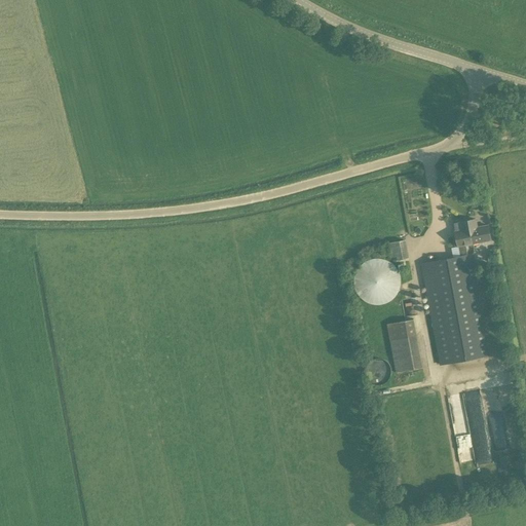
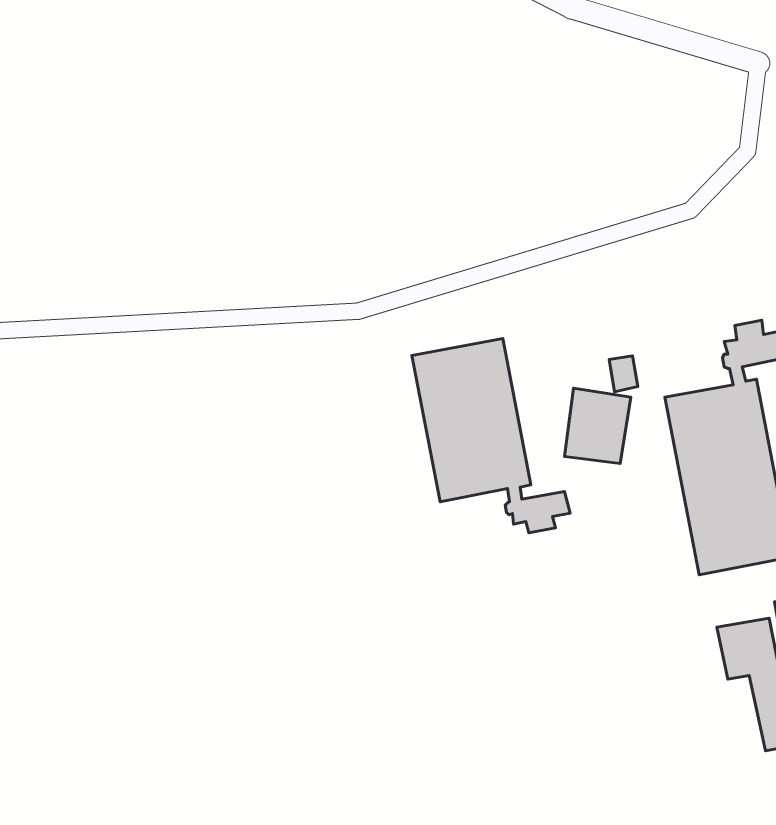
building: none -> [412,338,570,533]
building: [385,320,421,372] -> none

